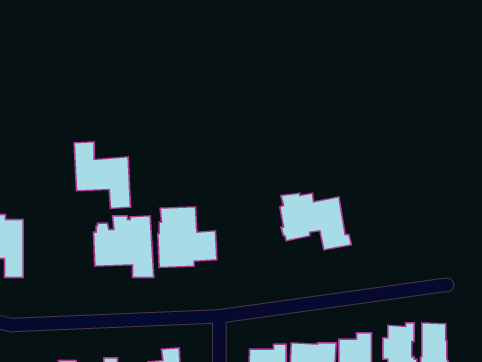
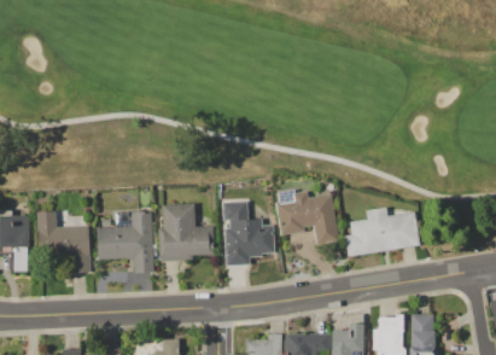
building: [74,142,131,208] -> [36,210,91,274]
building: none -> [223,200,275,264]
building: none -> [345,206,420,257]

